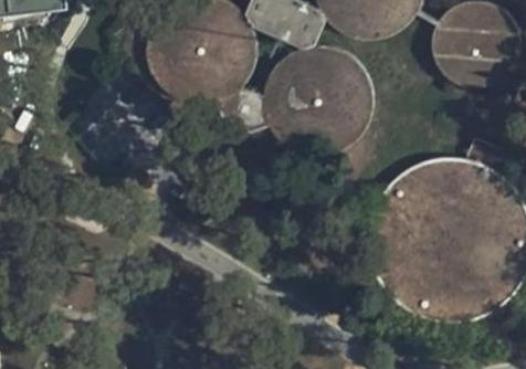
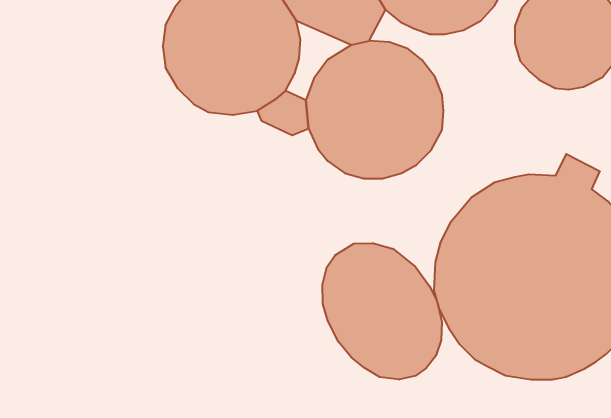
building: none -> [322,243,442,380]

